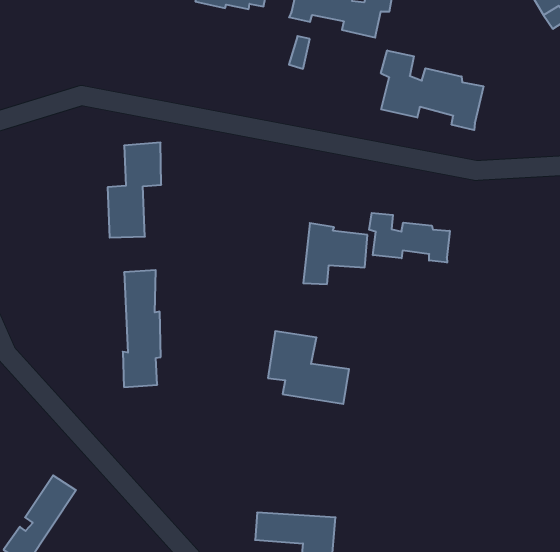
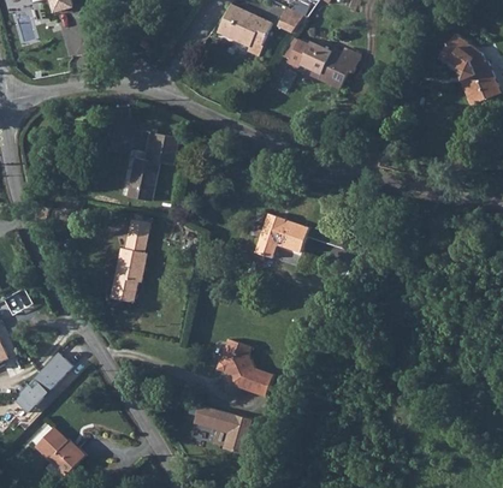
building: [381,50,483,130] -> none
building: [369,213,450,263] -> none
building: [268,331,349,404] -> [215,340,274,400]

